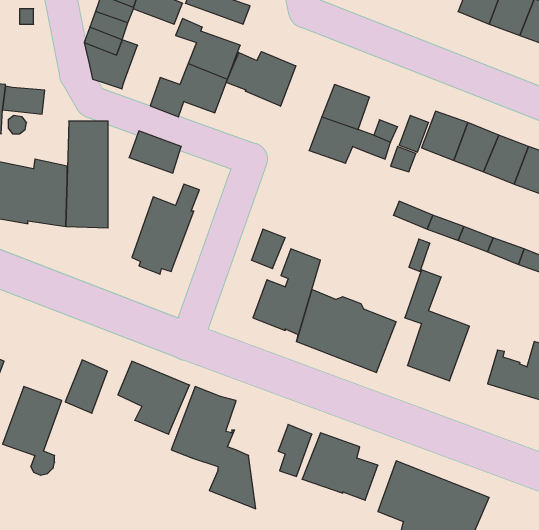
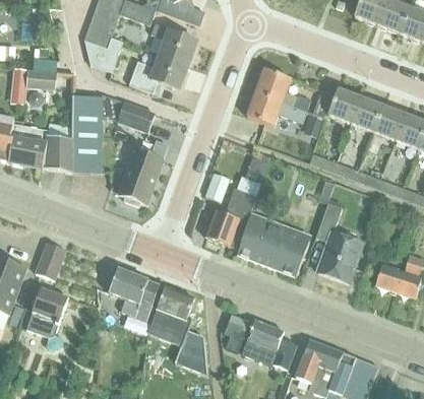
building: [226,52,296,106] -> none
building: [65,360,107,413] -> [38,243,68,281]

